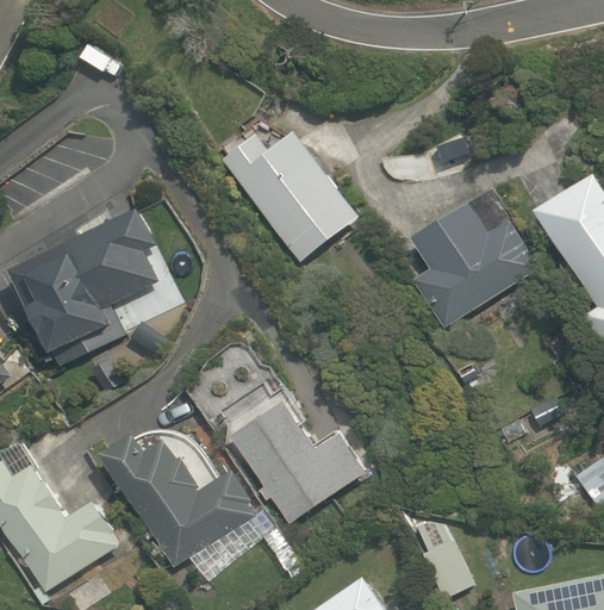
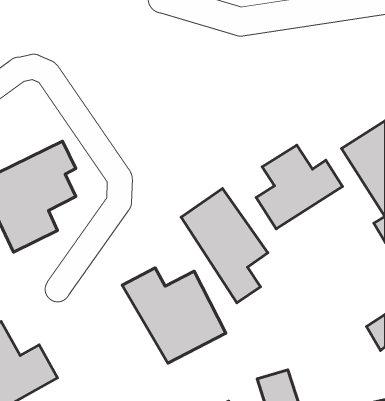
building: [225,131,368,268] -> none
building: none -> [181,188,268,303]
building: [106,437,262,568] -> none

